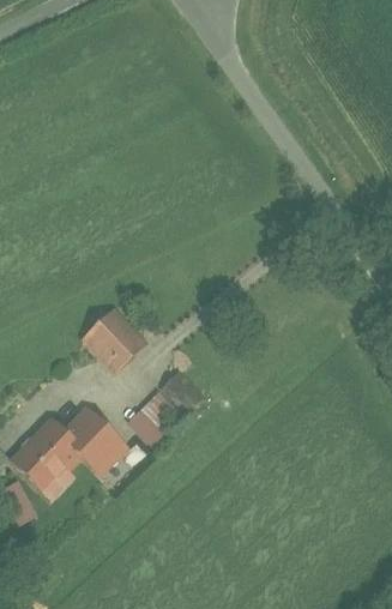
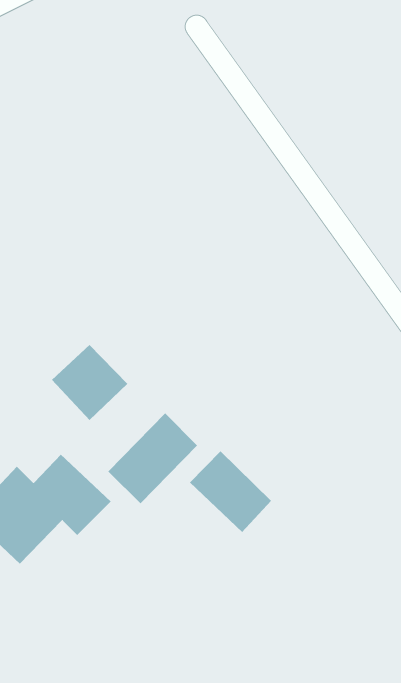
building: none -> [189,451,272,533]

